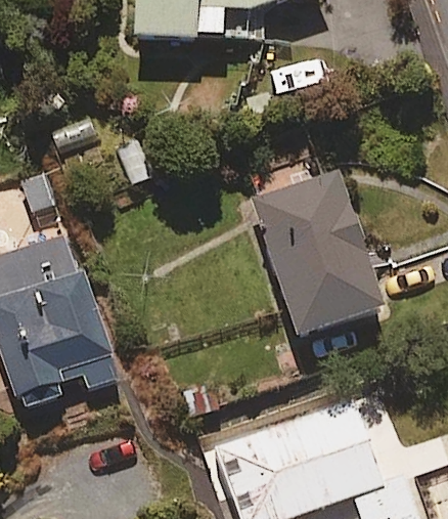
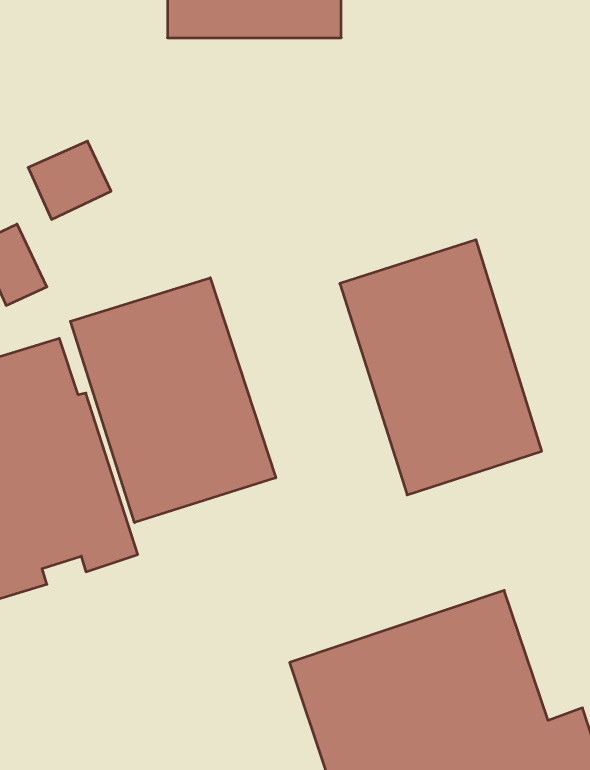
building: none -> [70,278,276,523]

